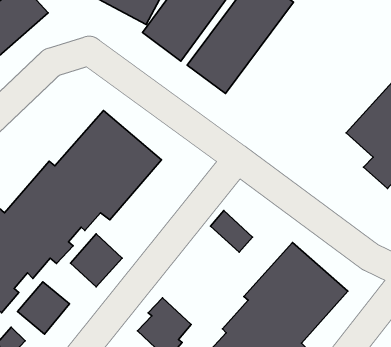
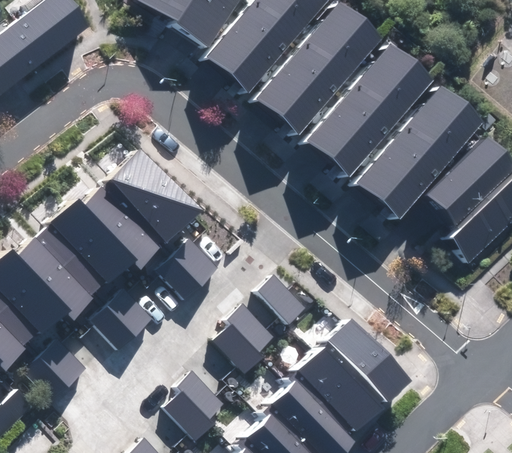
building: none -> [299,41,428,178]
building: none -> [350,84,480,220]
building: none -> [158,240,218,299]
building: none -> [214,302,278,373]

